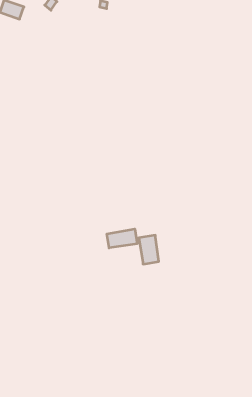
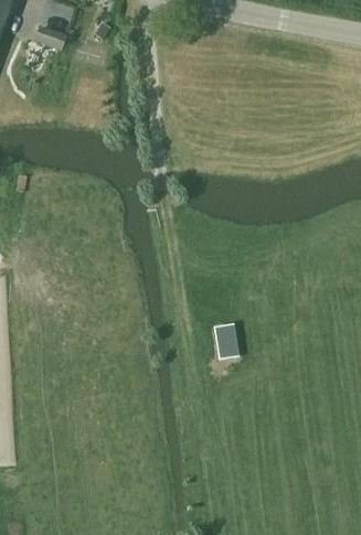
building: [107,229,137,248] -> none

